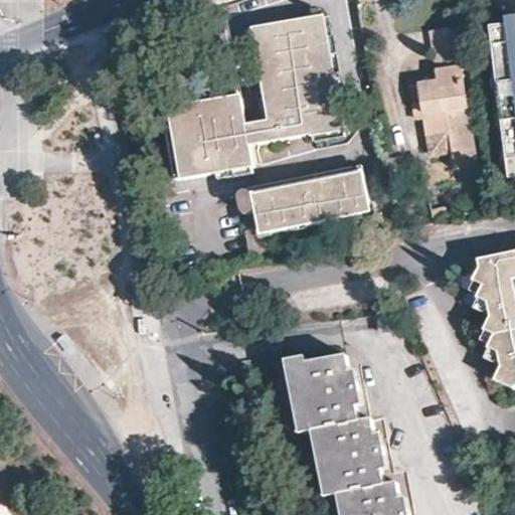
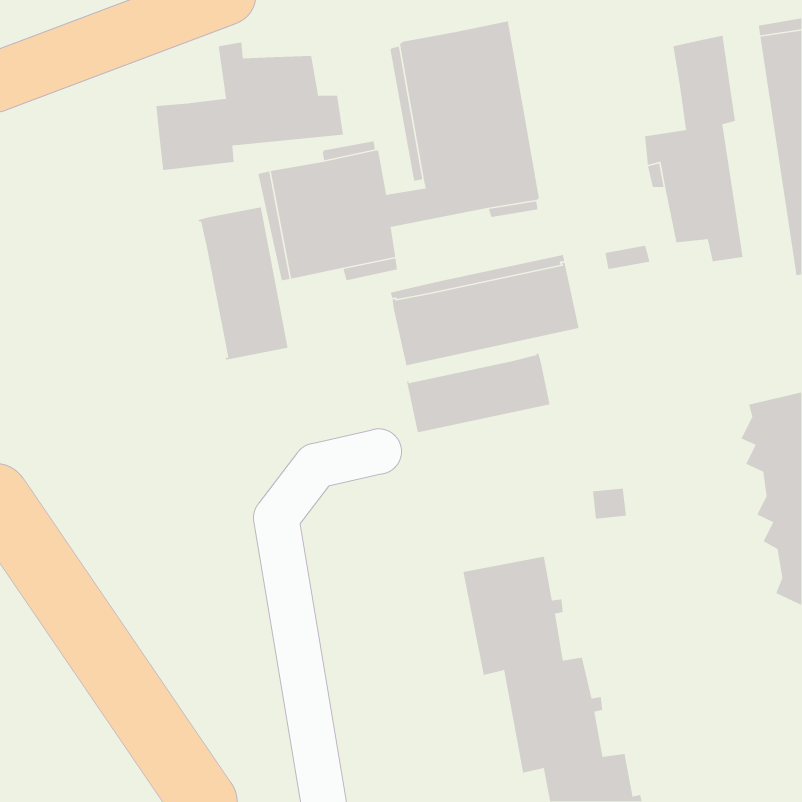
building: none -> [156,41,344,171]
building: none -> [197,207,289,360]
building: none -> [406,352,550,433]

